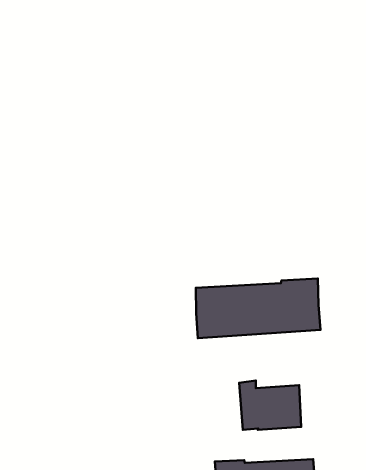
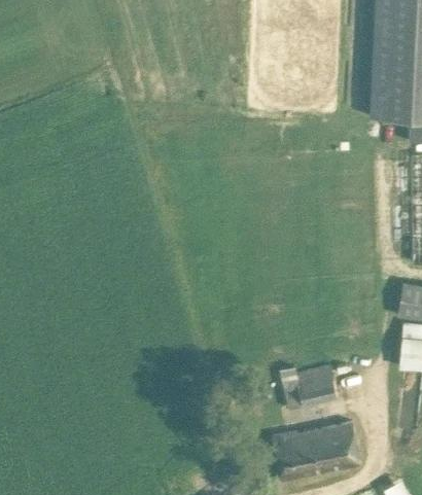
building: [196,279,320,338] -> none

